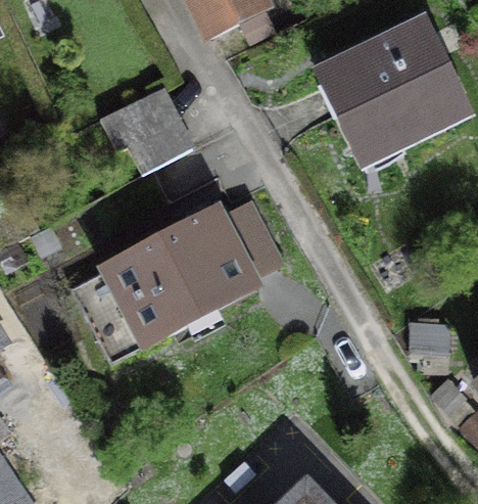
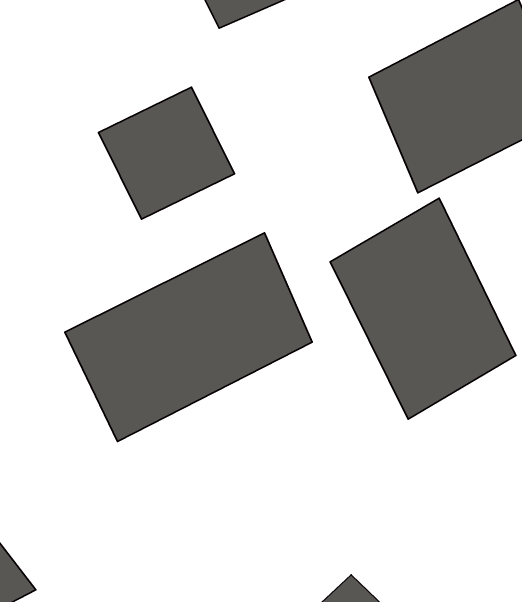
building: none -> [330,198,516,419]

